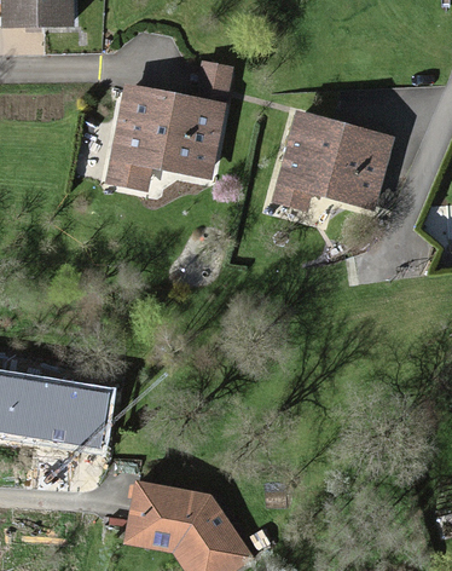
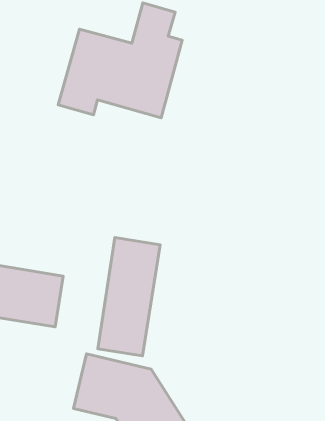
building: [271,109,392,207] -> none
building: none -> [98,238,160,356]

